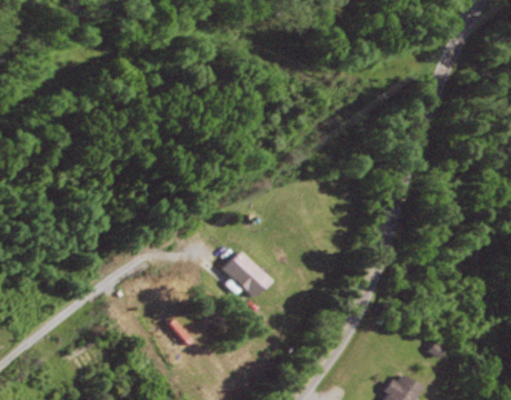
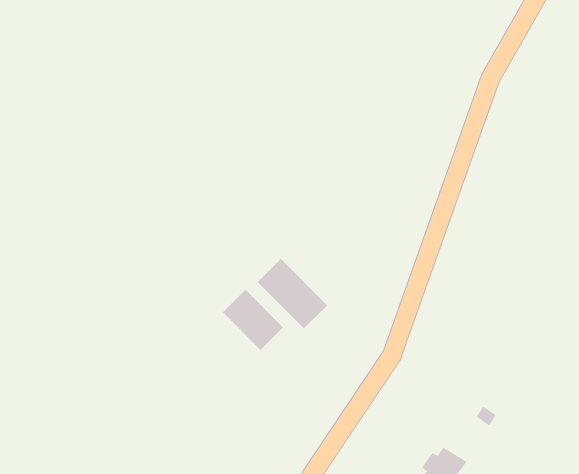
building: none -> [257,258,328,329]

